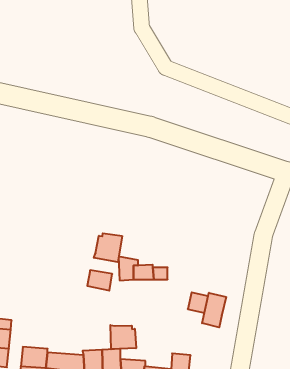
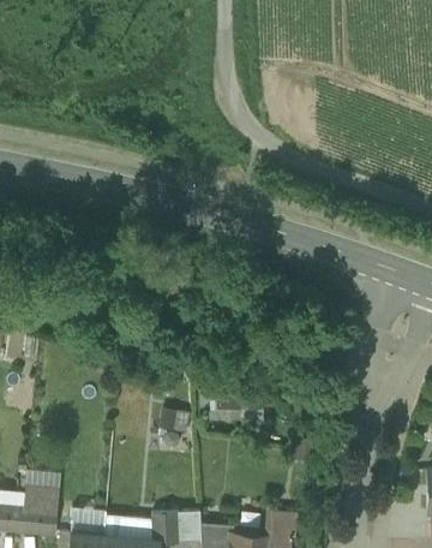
building: [94,233,122,262] -> none
building: [202,293,226,327] -> none
building: [110,325,136,349] -> none

